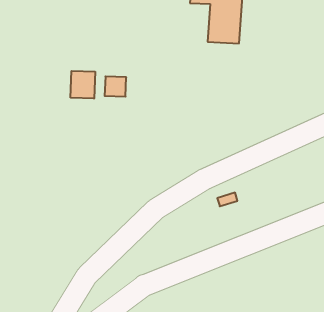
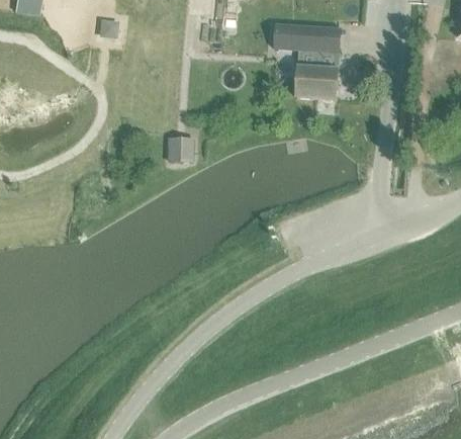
building: [71,71,95,99] -> none

